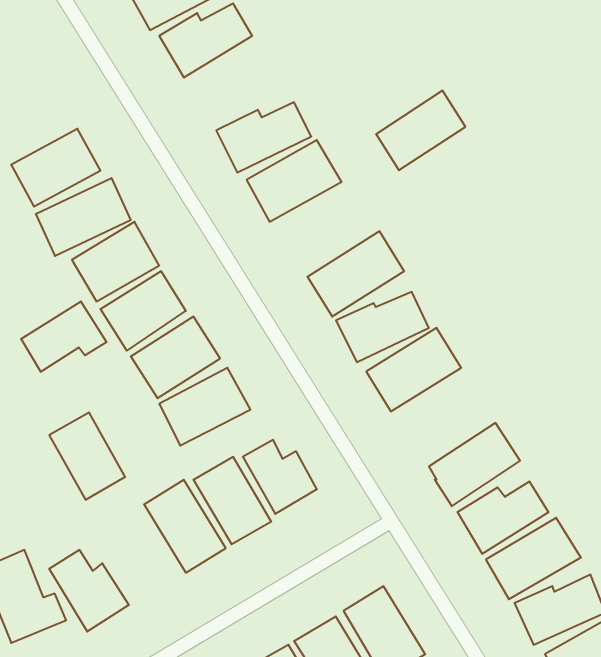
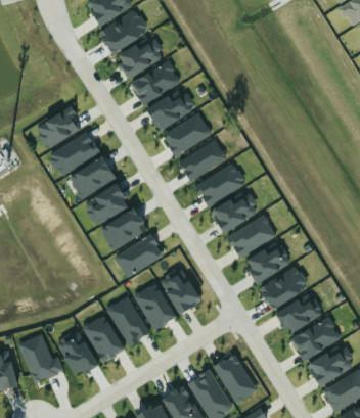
building: none -> [130,59,181,105]
building: [376,91,465,170] -> [179,139,227,182]
building: [21,301,106,372] -> none
building: none -> [243,242,291,283]
building: [49,412,125,500] -> [83,315,124,362]

